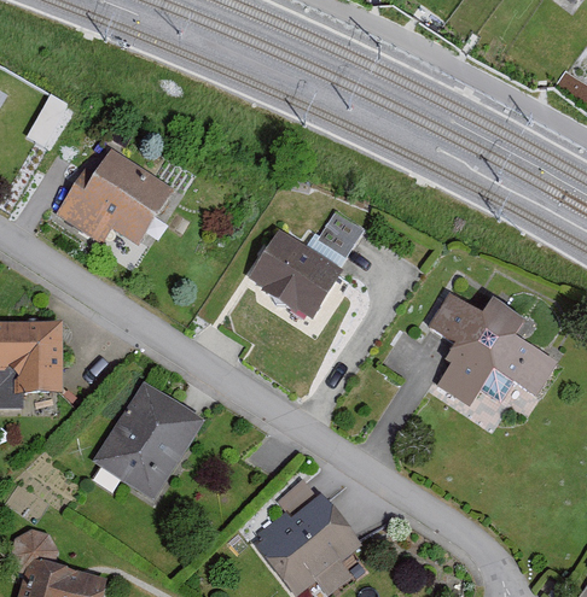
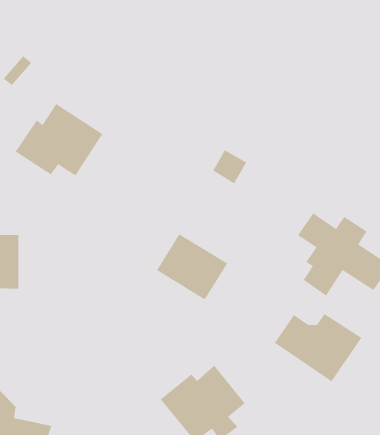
building: [246,232,342,320] -> [156,234,228,300]
building: [92,382,204,502] -> none
building: none -> [274,313,362,382]

